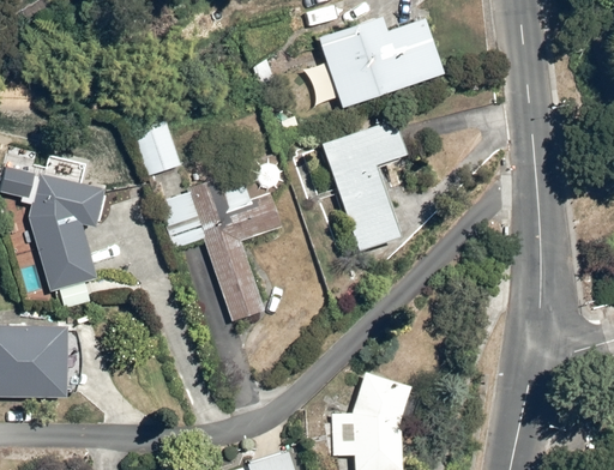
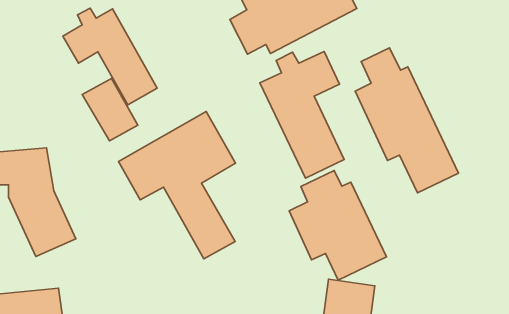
building: none -> [63,8,157,105]
building: none -> [355,48,459,193]
building: none -> [289,170,386,280]

